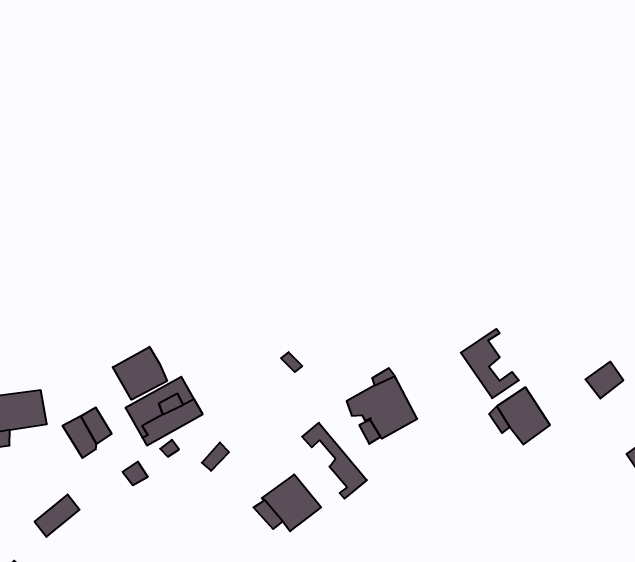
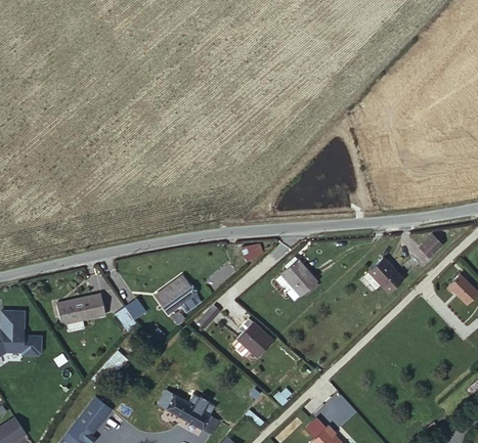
building: [461,329,519,398] -> none
building: [113,347,167,400] -> none
building: [302,423,367,499] -> none

